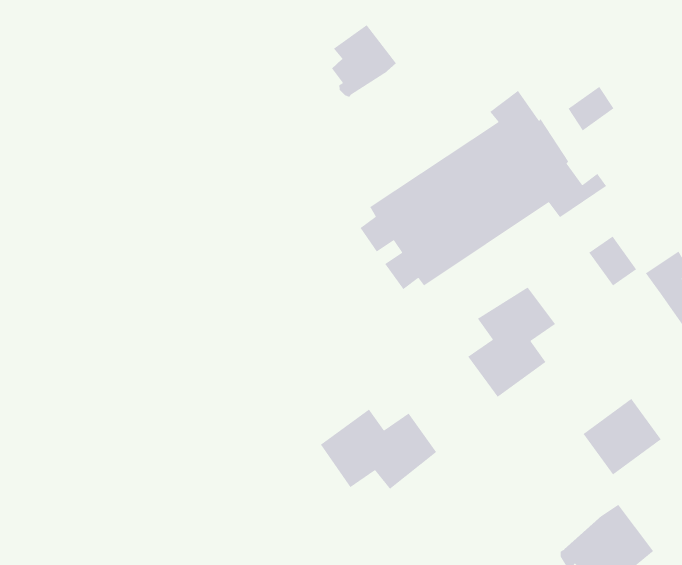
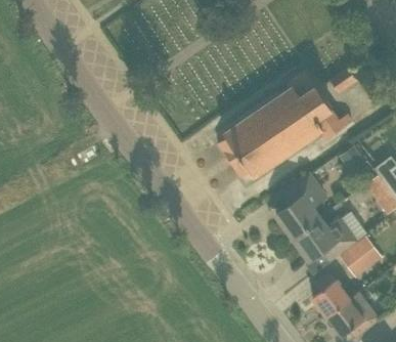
building: [331,24,397,98] -> none
building: [320,409,437,490] -> [294,217,357,261]
building: none -> [313,273,350,318]

